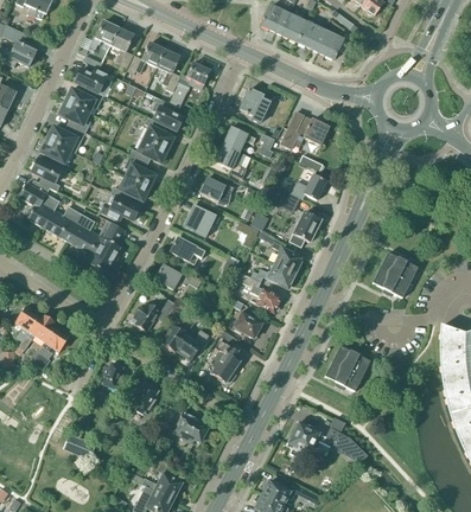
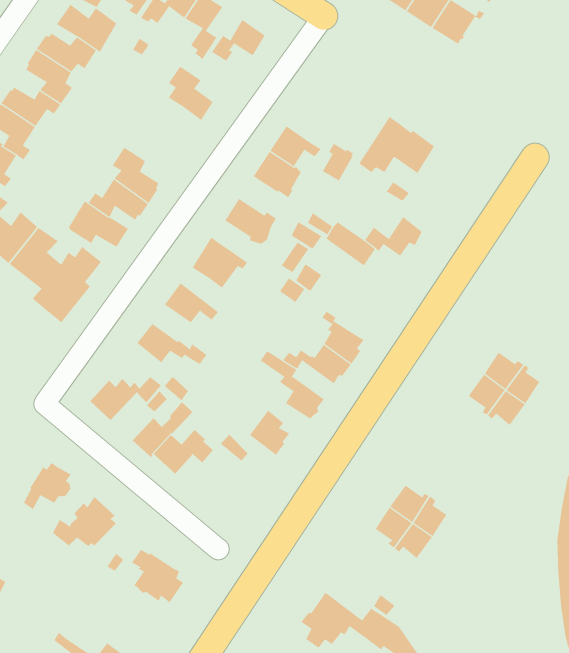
building: [240,89,269,123] -> none
building: [129,117,173,164] -> none
building: [288,211,323,248] -> none
building: [210,341,246,384] -> none

